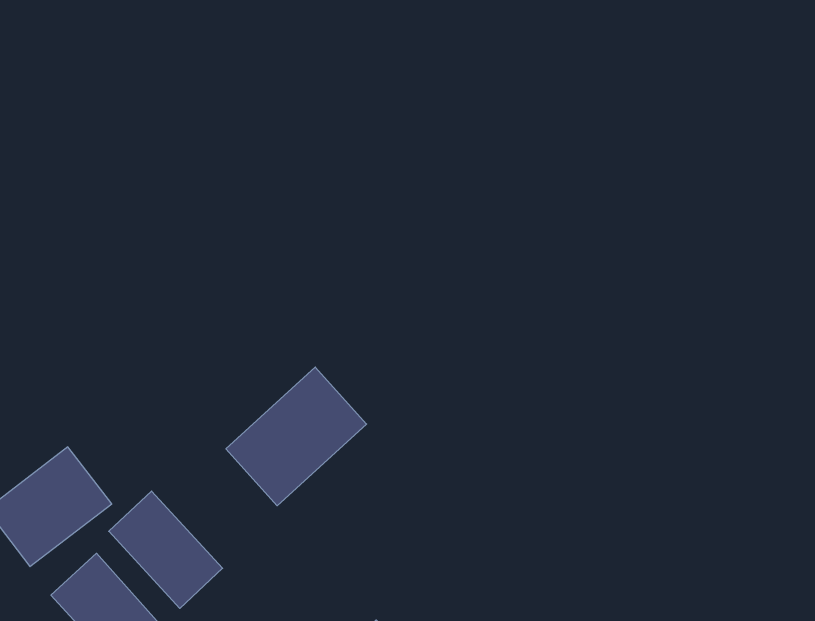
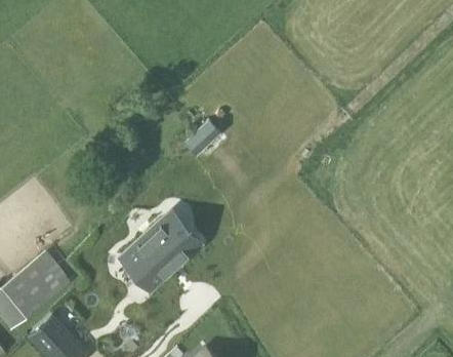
building: none -> [186,121,220,155]
building: [109,491,223,608] -> none

